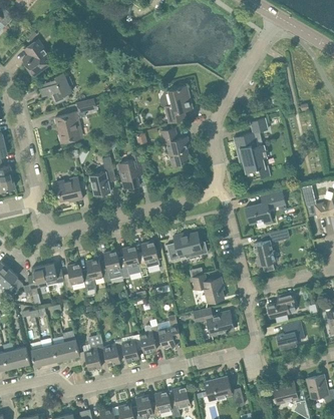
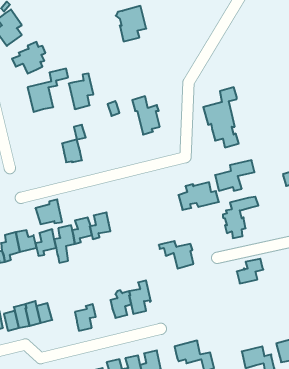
building: [161,86,193,122] -> [116,6,146,41]
building: [118,153,143,189] -> [69,74,93,109]
building: [56,176,83,201] -> [35,199,62,224]
building: [166,233,208,261] -> [178,182,219,210]
building: [137,242,159,269] -> none
building: [192,308,234,336] -> none
building: [276,321,305,349] -> none
building: [84,335,105,370] -> none
building: [121,335,141,362] -> none

